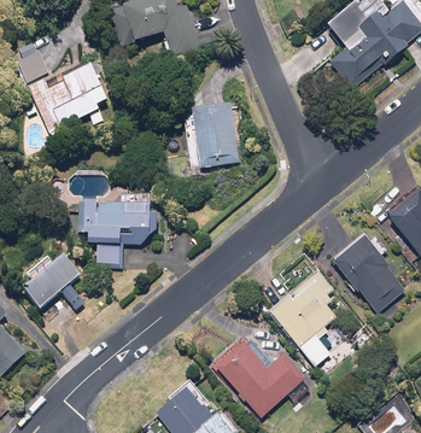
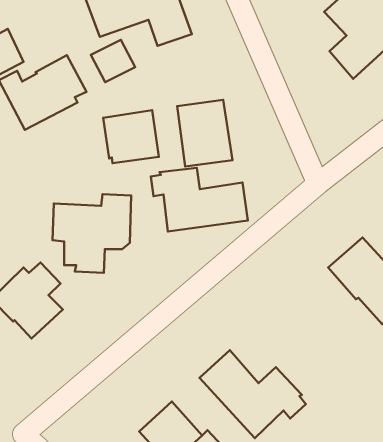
building: none -> [91,40,135,82]
building: none -> [103,110,159,163]
building: none -> [151,168,248,231]
building: [268,268,334,365] -> none

